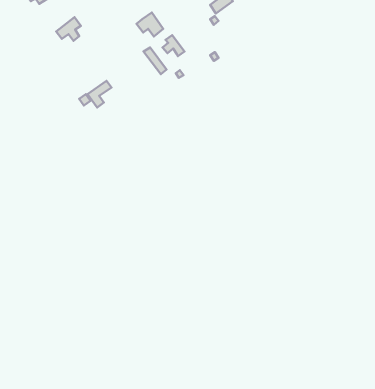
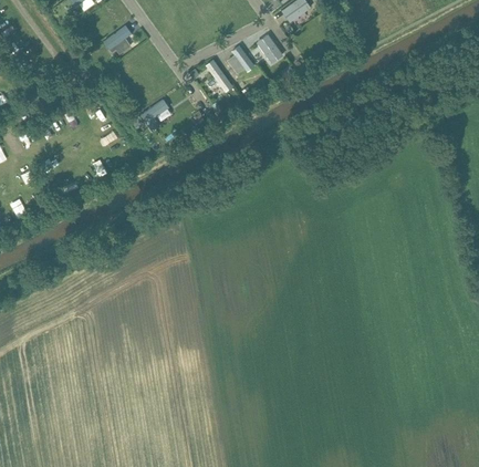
building: [137,13,163,36] -> [251,35,282,63]

